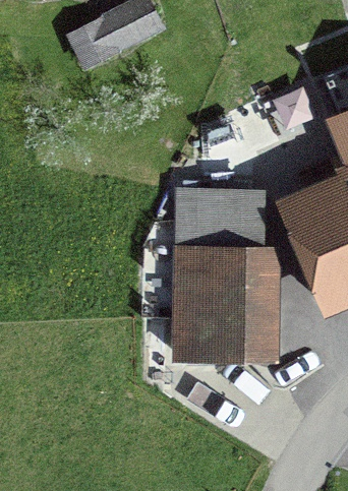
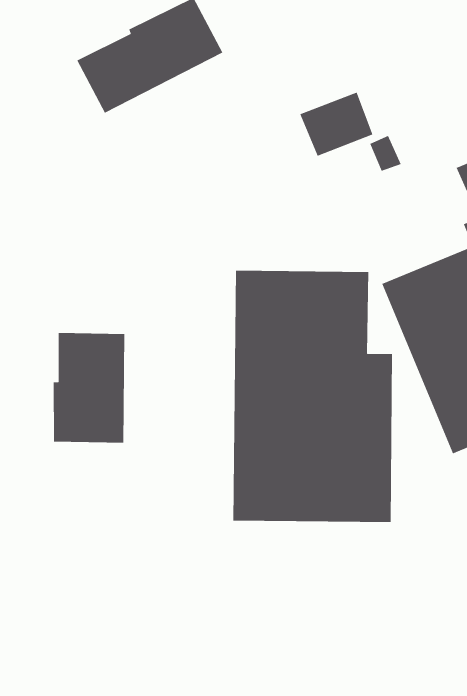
building: none -> [53,332,125,443]

